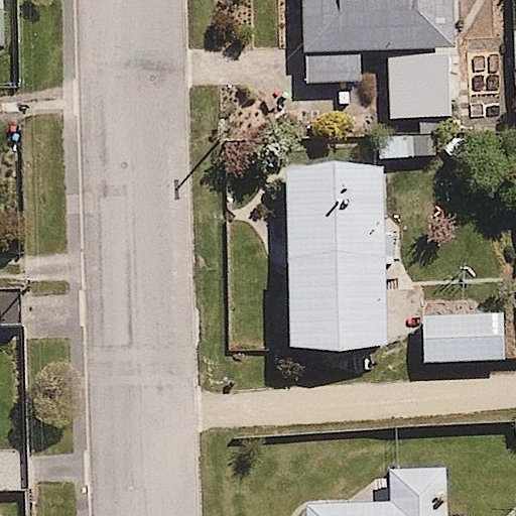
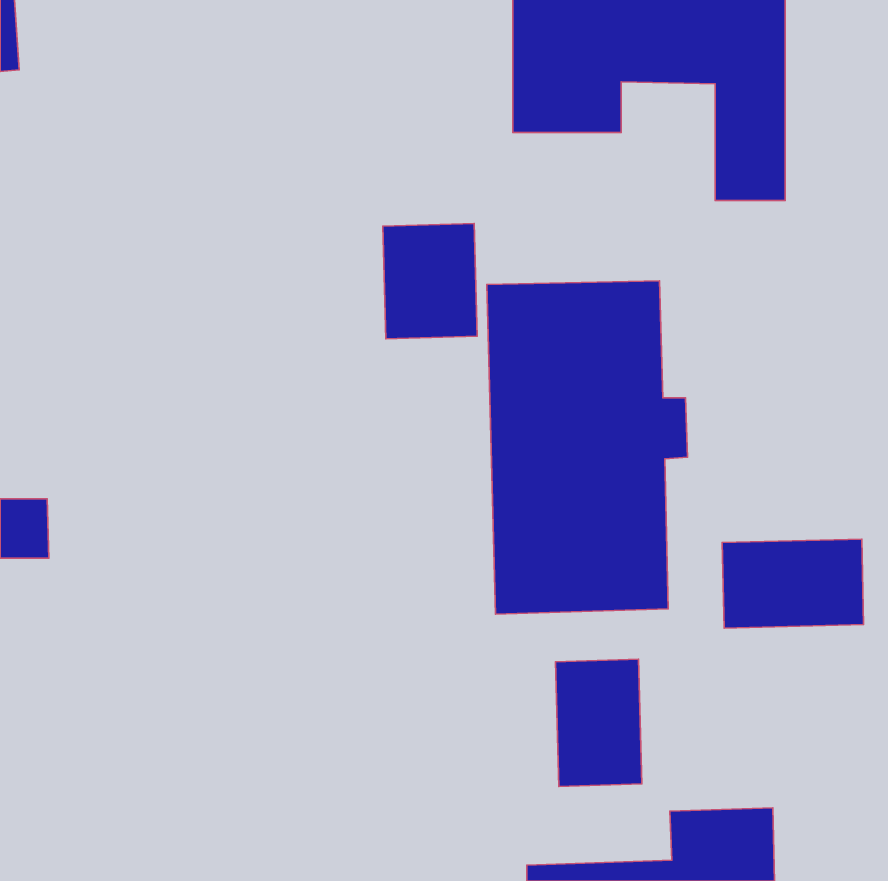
building: none -> [383,223,477,339]
building: none -> [555,659,642,786]

